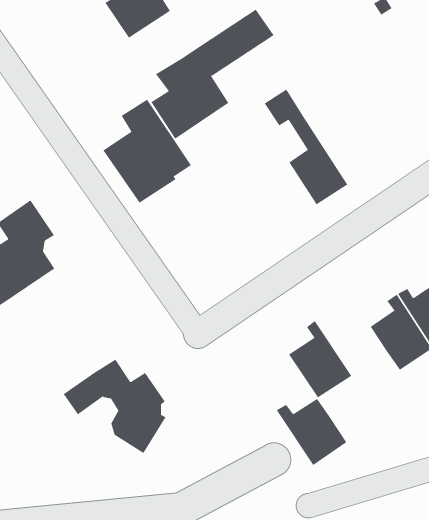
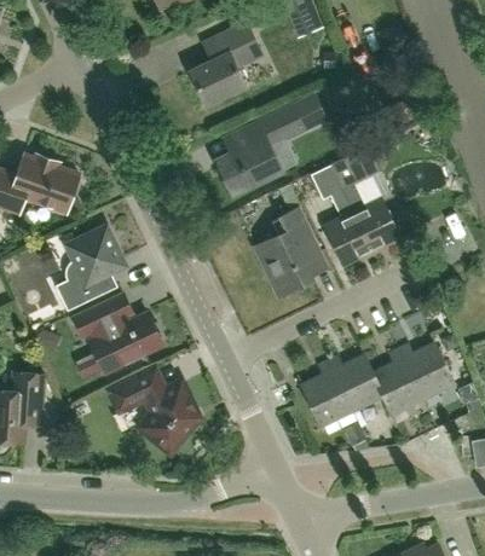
building: none -> [333,157,400,251]
building: [103,99,192,203] -> [255,209,328,295]
building: none -> [74,295,162,378]
building: [276,398,347,466] -> [328,355,383,411]

